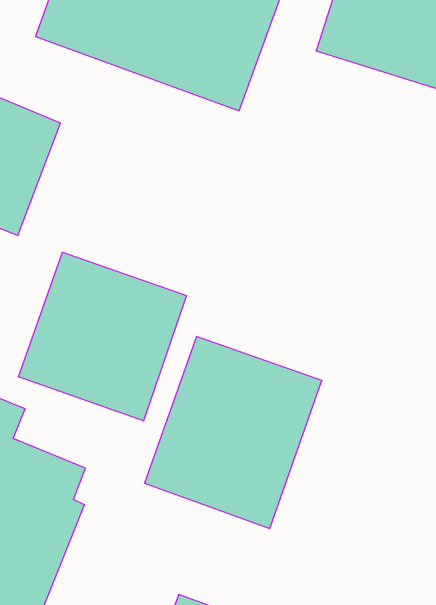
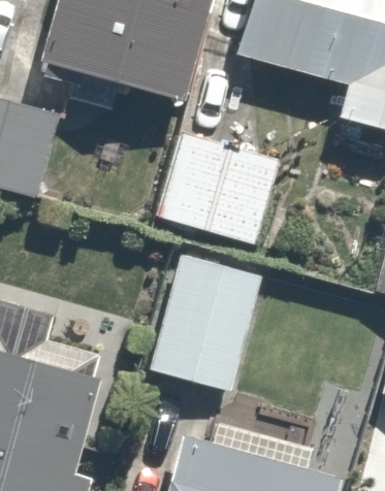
building: none -> [150,134,272,241]
building: [18,252,187,421] -> none

